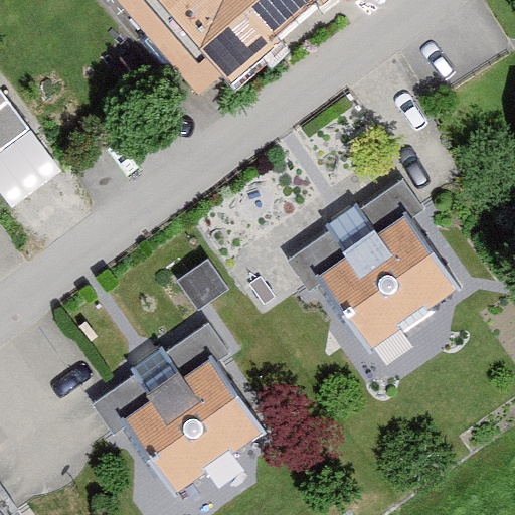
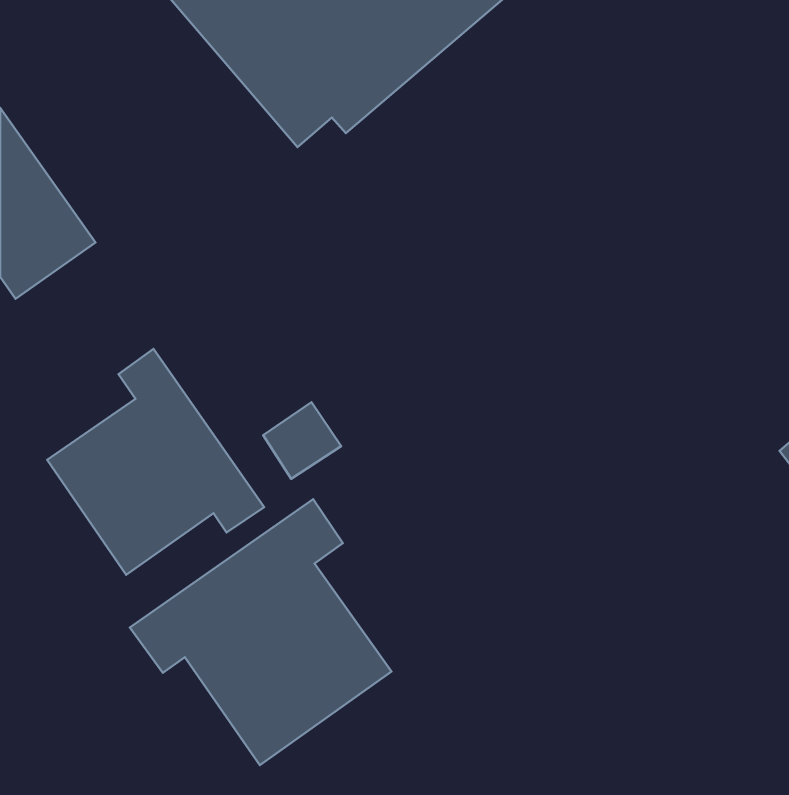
building: [287,177,454,348] -> none
building: none -> [47,349,264,575]

